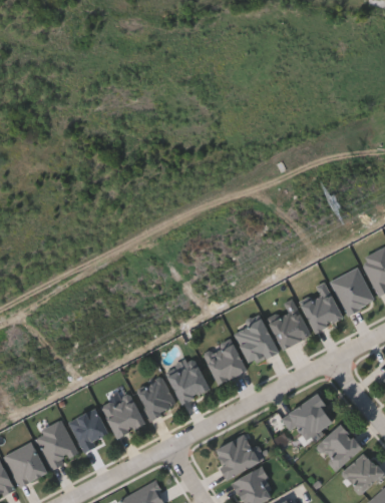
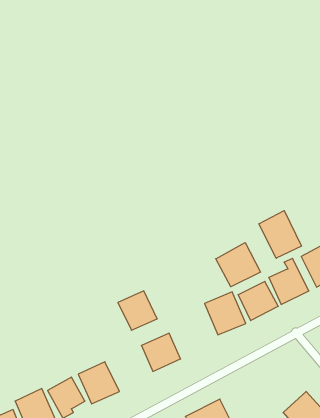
building: none -> [259,211,301,258]
building: none -> [216,243,260,287]
building: [205,344,246,384] -> none
building: [135,378,176,419] -> [118,291,157,330]
building: [282,395,335,440] -> none

